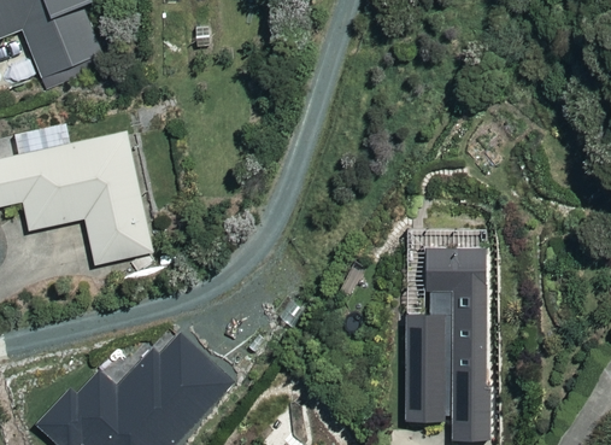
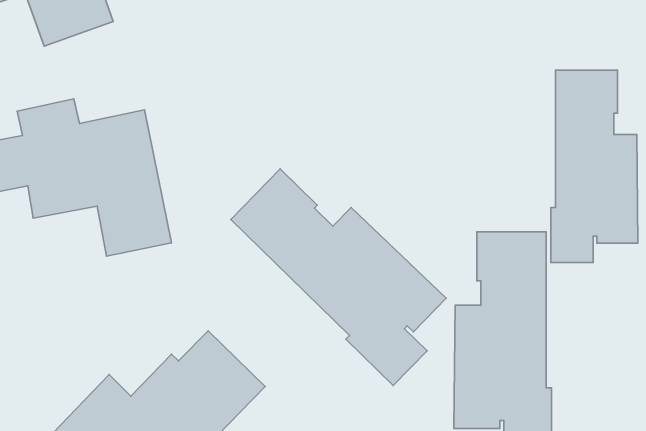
building: none -> [551,70,638,262]
building: none -> [231,169,446,386]

